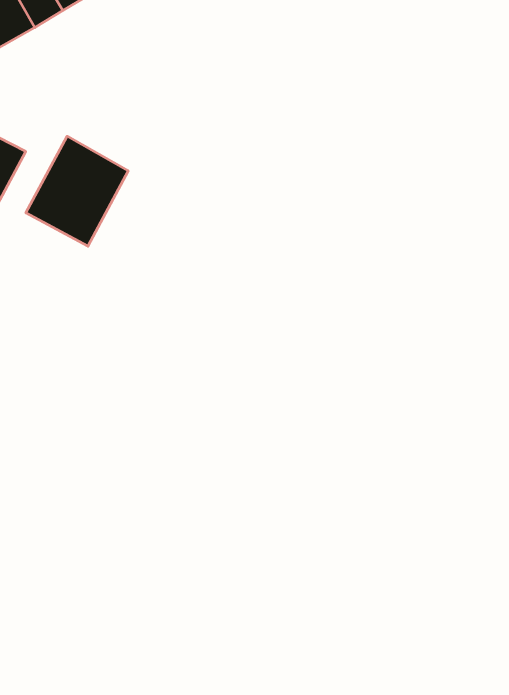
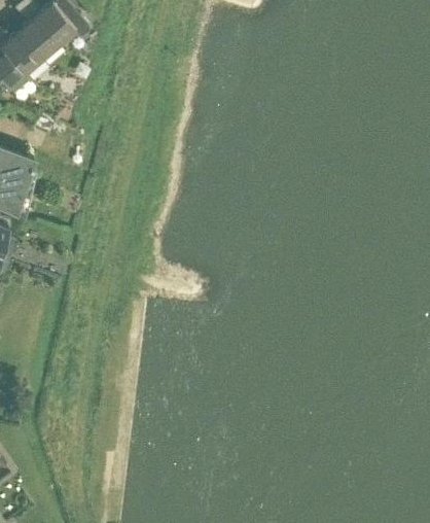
building: [26,136,128,246] -> none

